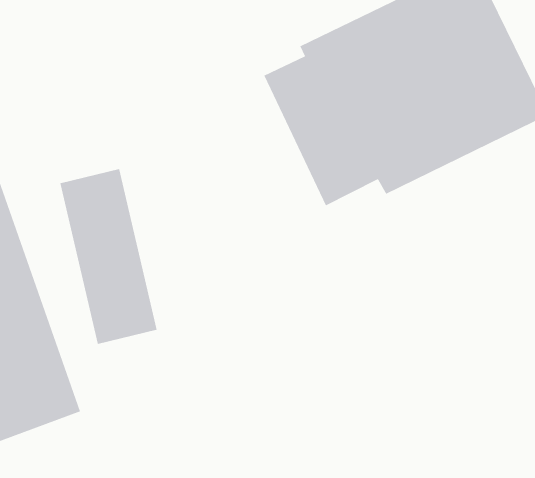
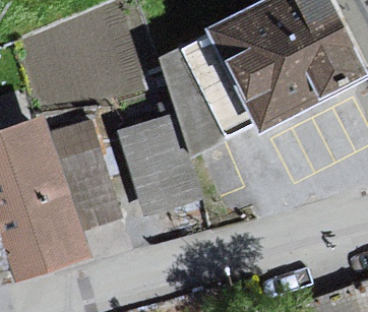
building: none -> [115,82,221,215]

